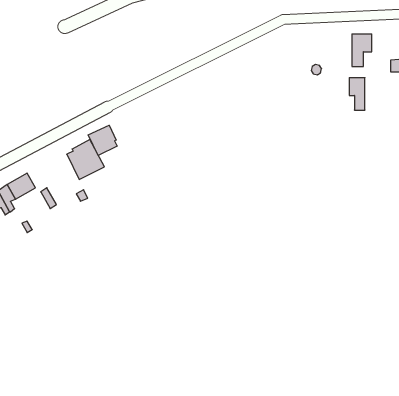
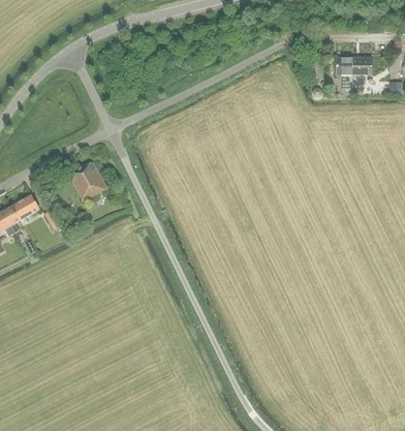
building: [349,78,365,110] -> [336,57,351,89]
building: [88,125,117,156] -> none

